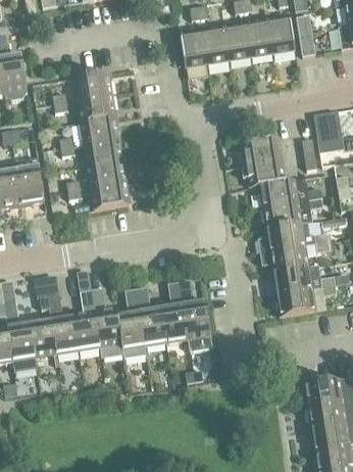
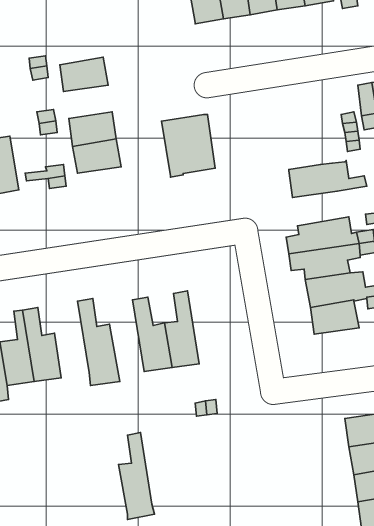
building: [74,72,112,100] -> none
building: [81,116,119,143] -> none
building: [243,137,286,187] -> [162,115,215,177]
building: [92,182,130,209] -> none
building: [263,197,323,229] -> none
building: [180,280,213,351] -> none
building: [118,288,147,358] -> [119,433,154,519]
building: [73,289,101,350] -> none

